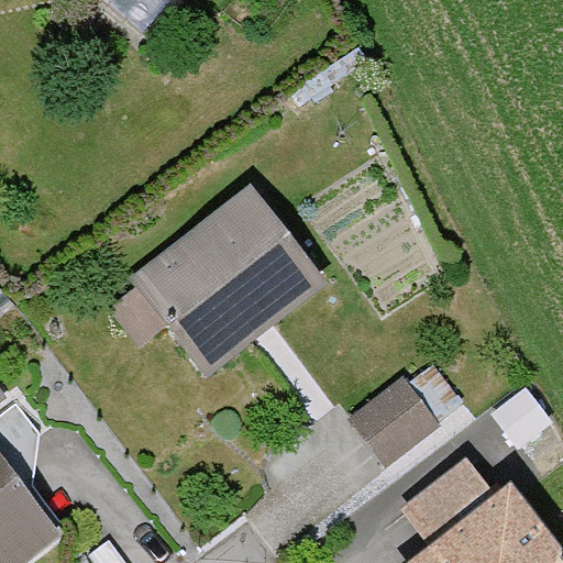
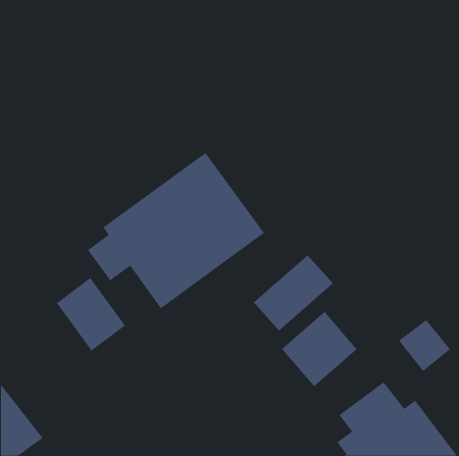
building: none -> [253,255,334,331]
building: none -> [56,277,126,352]

